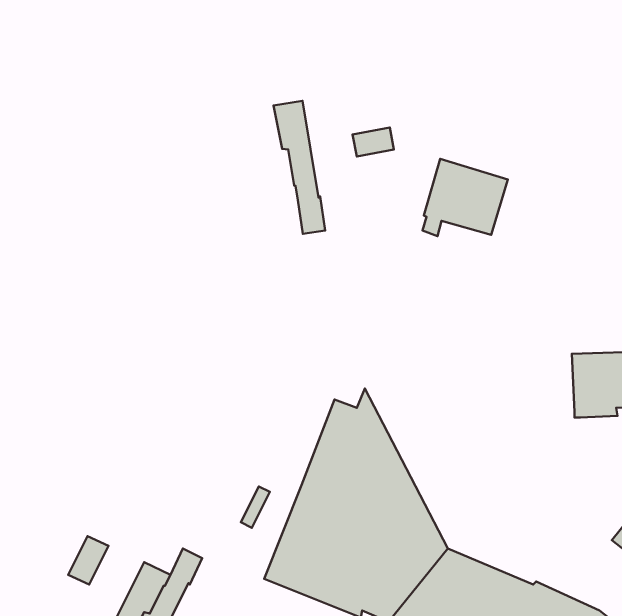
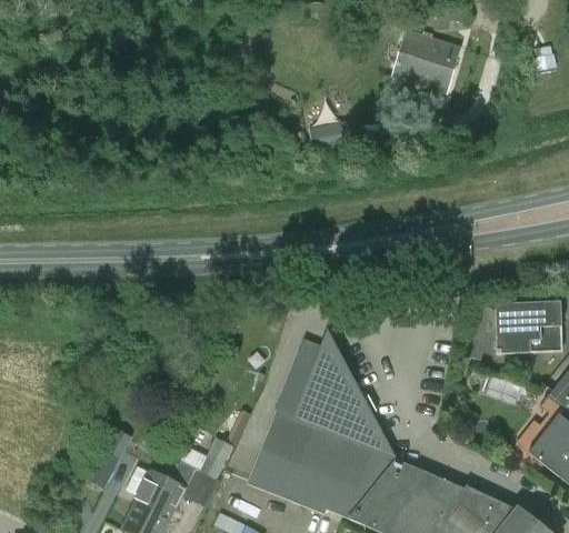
building: [274,101,325,234] -> none
building: [422,159,508,236] -> [392,32,461,94]
building: none -> [200,438,233,479]

